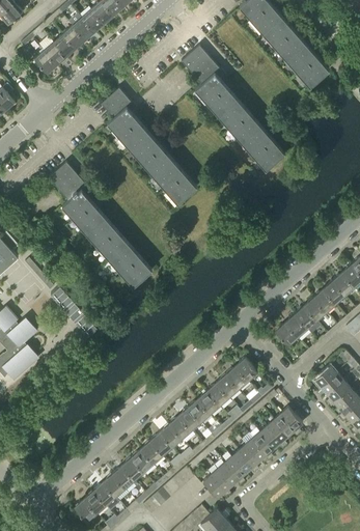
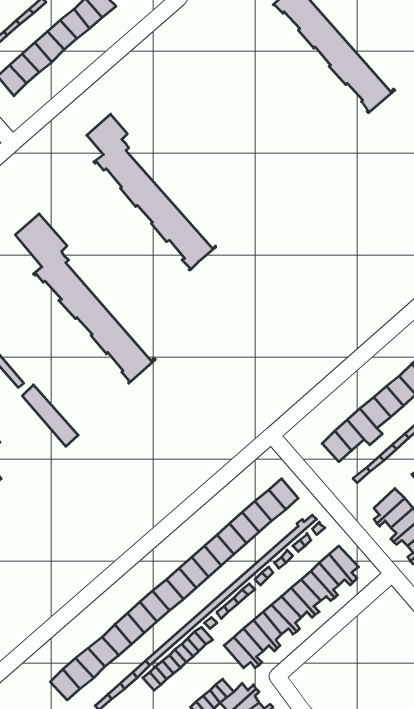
building: [182,46,285,170] -> none

